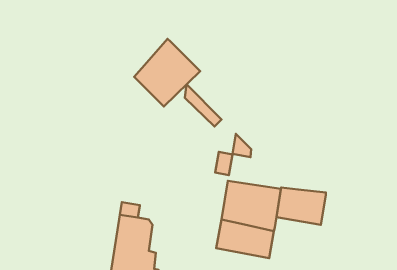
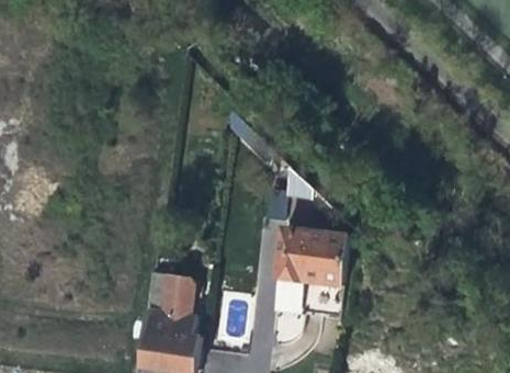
building: [134,39,200,107] -> none
building: [276,188,326,225] -> none

